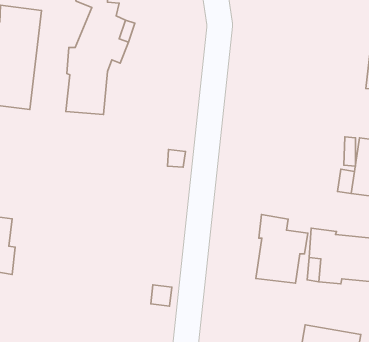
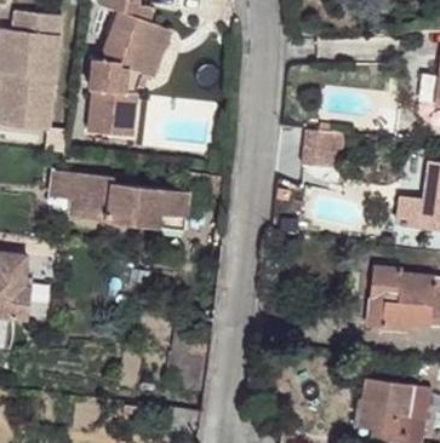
building: none -> [302,130,342,168]
building: none -> [50,169,187,229]
building: [256,215,308,283] -> none

